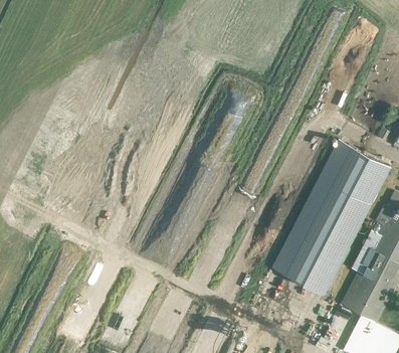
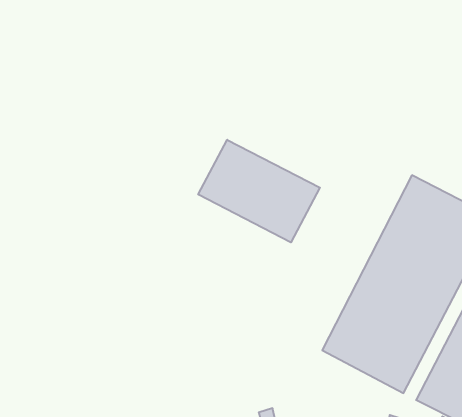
building: none -> [198,140,320,242]

